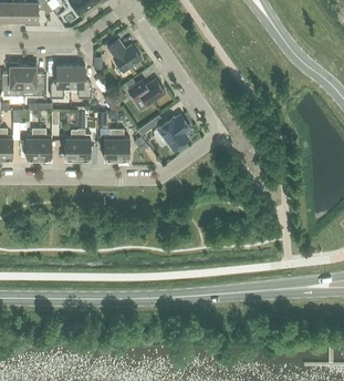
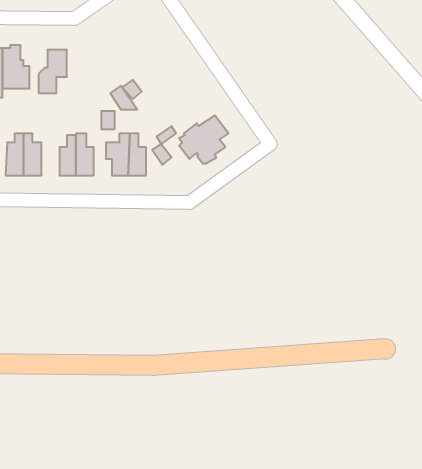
building: [106,40,140,72] -> none
building: [70,66,90,99] -> none
building: [127,80,164,106] -> none

